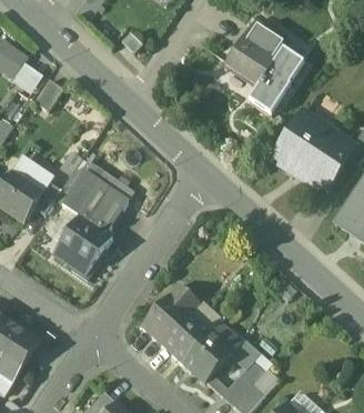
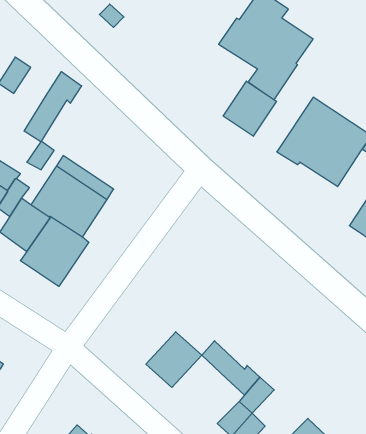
building: none -> [24,72,82,142]
building: none -> [223,81,276,136]
building: [142,282,200,341] -> none
building: [183,333,230,381] -> none

